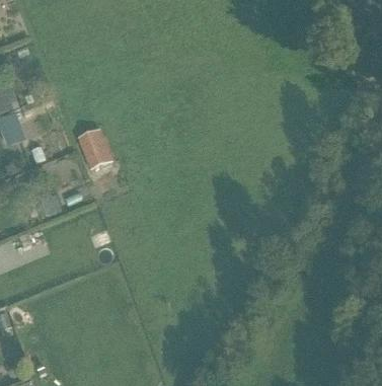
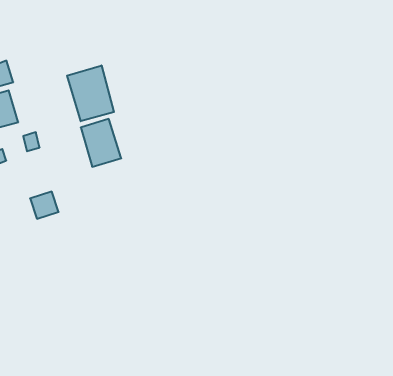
building: none -> [67,65,114,121]

